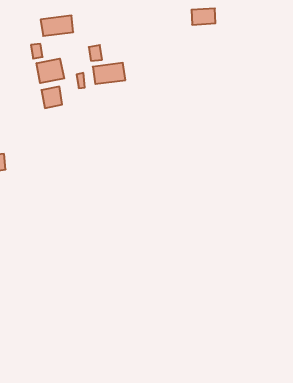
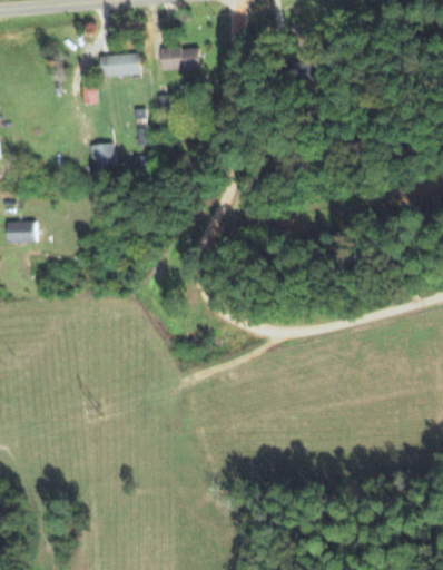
building: [37,59,64,83] -> none
building: [93,63,125,84] -> [163,47,203,70]

